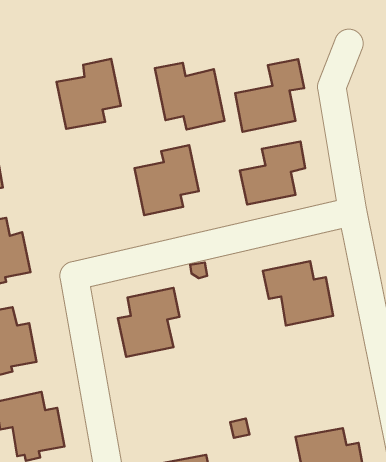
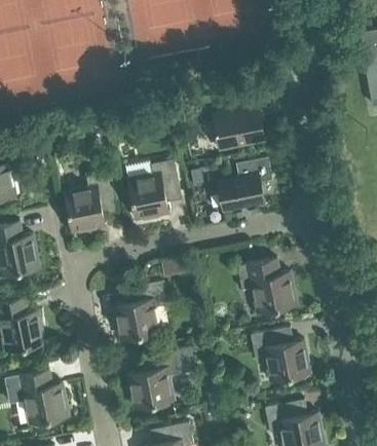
building: [57,59,121,129] -> [65,174,119,233]
building: [155,63,225,129] -> none
building: none -> [251,329,310,383]
building: none -> [128,348,195,410]

